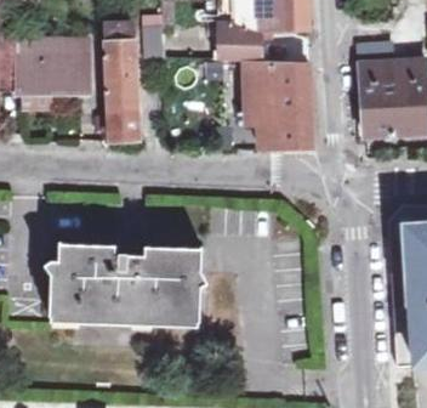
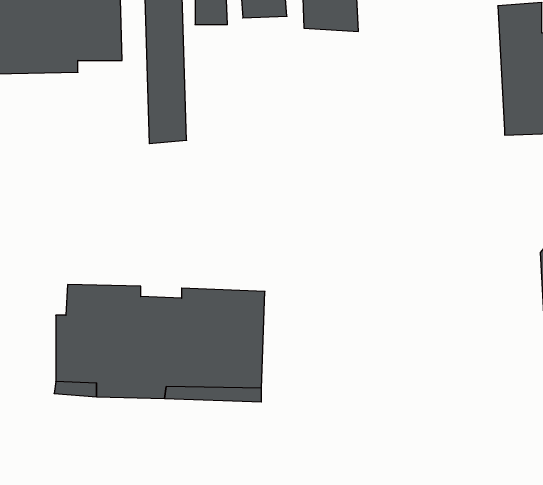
building: [255,66,313,148] -> none

